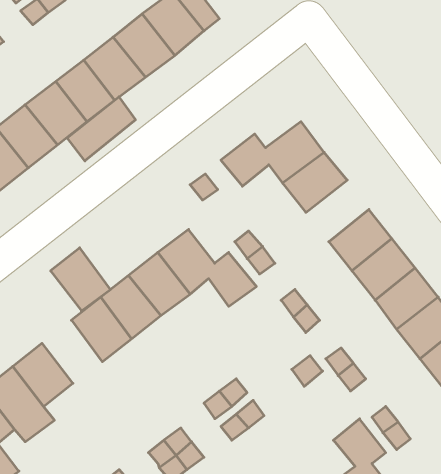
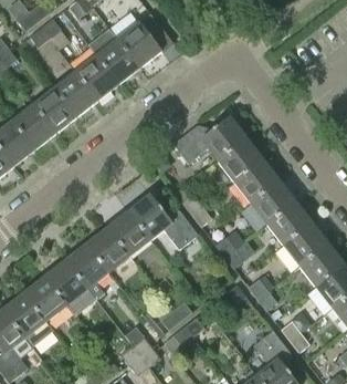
building: [67,97,135,161] -> none
building: none -> [233,158,278,203]
building: [51,248,111,311] -> [44,259,87,304]

